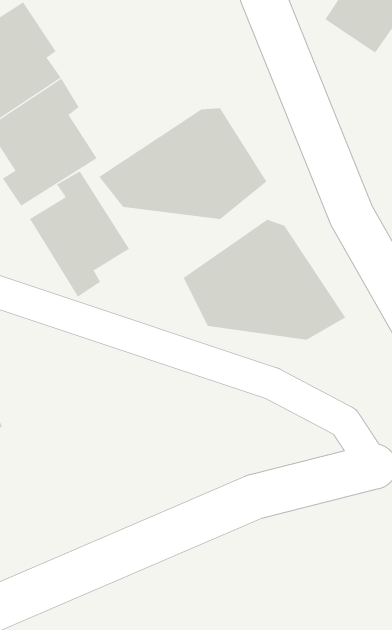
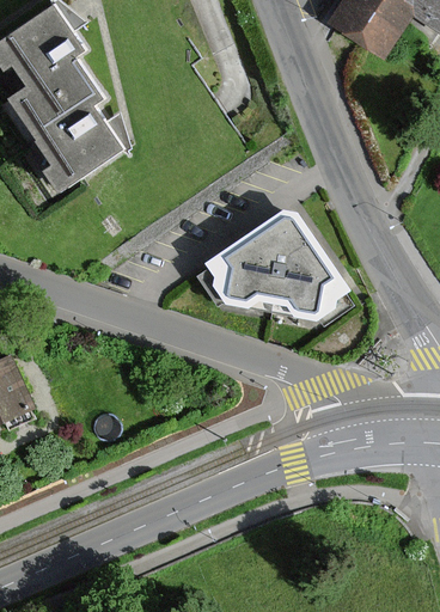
building: [99,107,267,220] -> none
building: [29,170,130,298] -> none

